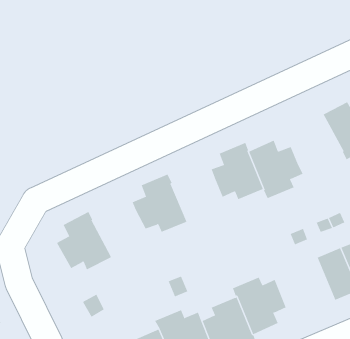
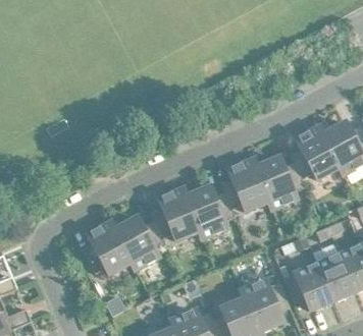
building: none -> [291,125,341,178]
building: none -> [186,185,236,238]
building: none -> [114,216,165,269]
building: none -> [283,262,333,310]

